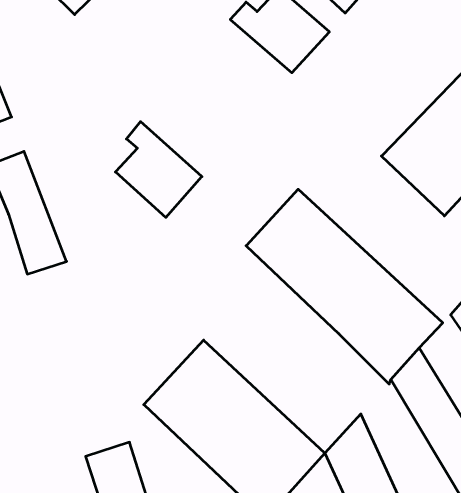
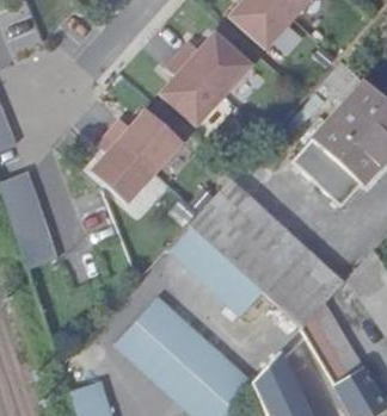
building: none -> [160,55,225,128]
building: none -> [110,108,184,174]
building: none -> [166,226,260,319]

